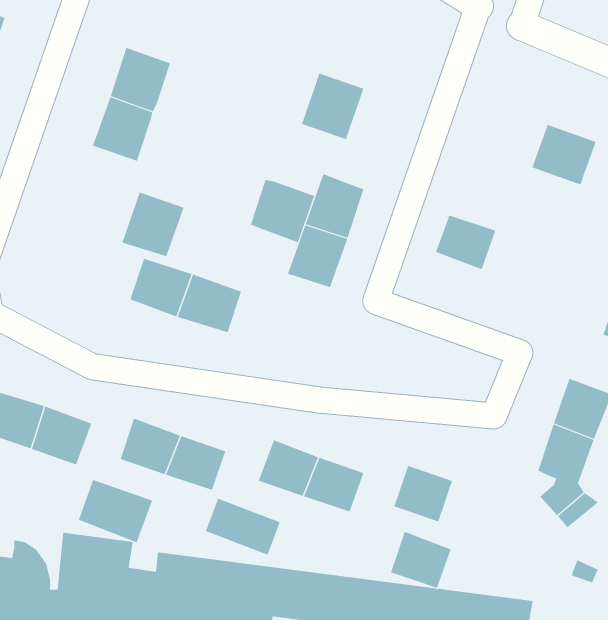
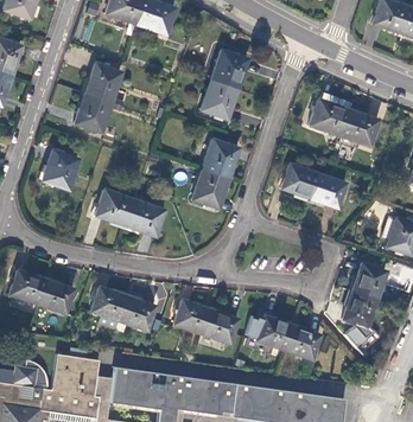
building: none -> [210,50,247,88]
building: none -> [309,92,348,135]
building: [250,179,315,243] -> none
building: [122,192,185,257] -> [40,149,78,188]
building: none -> [309,173,344,206]
building: [78,479,153,543] -> none
building: [205,498,281,556] -> none
building: [390,531,451,588] -> [282,324,319,358]

